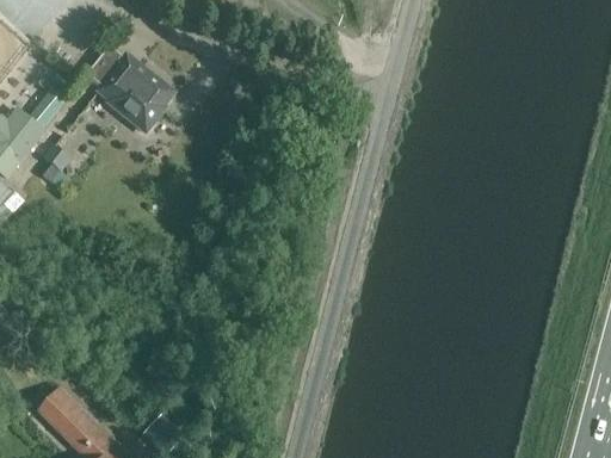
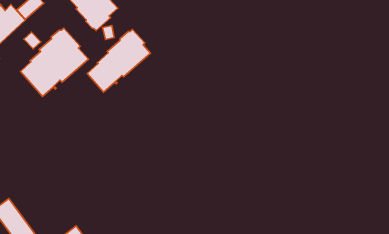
building: none -> [87,29,151,92]
building: none -> [20,28,88,97]

